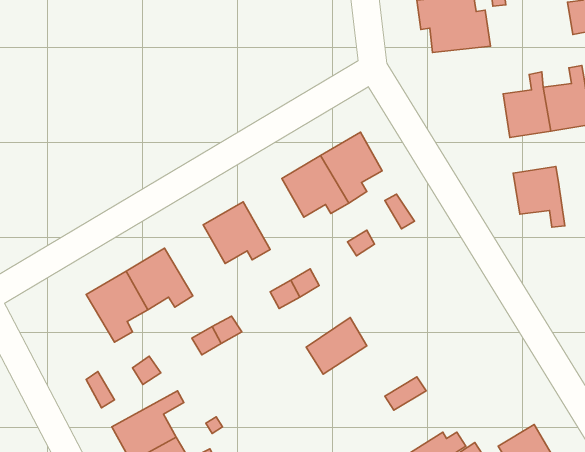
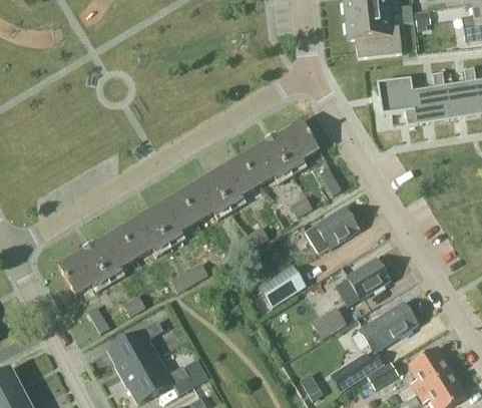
building: [513,167,565,227] -> [377,76,417,123]
building: none -> [209,154,257,210]
building: none -> [148,190,195,246]
building: none -> [304,205,359,253]
building: none -> [57,245,109,293]
building: none -> [336,257,390,306]
building: none -> [362,302,416,350]

